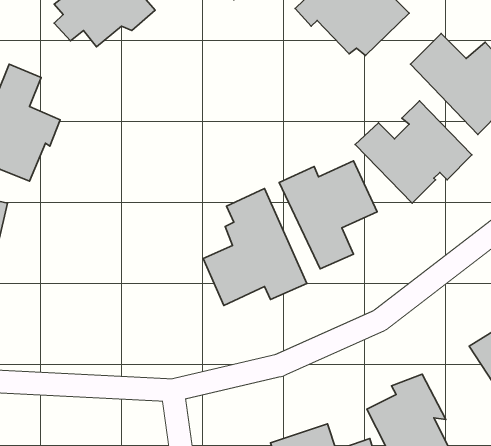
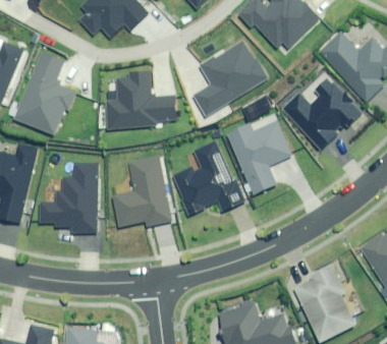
building: none -> [191,38,266,115]
building: none -> [104,70,175,128]
building: none -> [114,156,174,227]
building: none -> [41,163,100,233]

